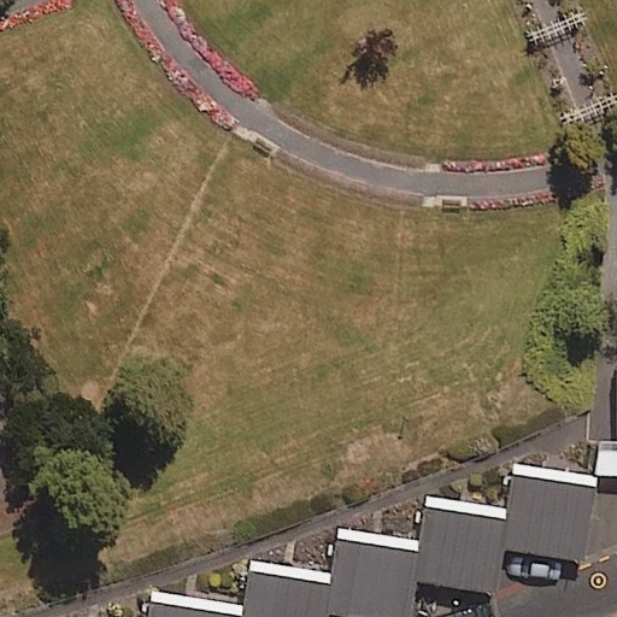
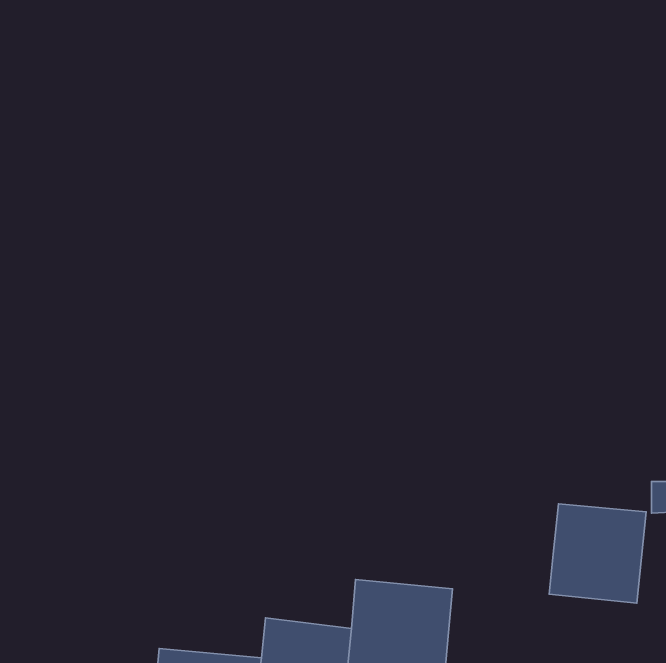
building: [418,509,513,598] -> none

